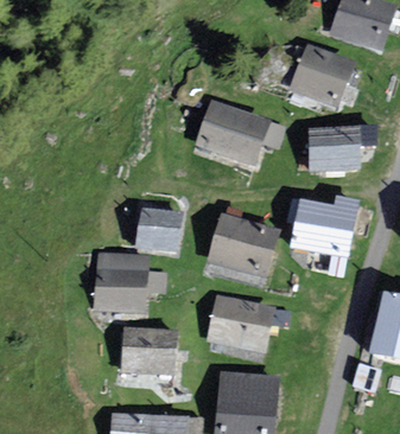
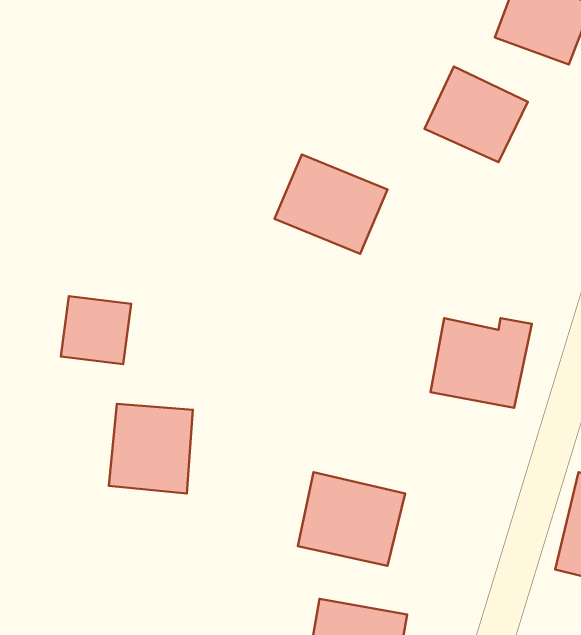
building: [312,129,358,172] -> none
building: [140,209,183,250] -> [61,296,131,364]
building: [210,215,279,274] -> none
building: [122,326,177,372] -> none

